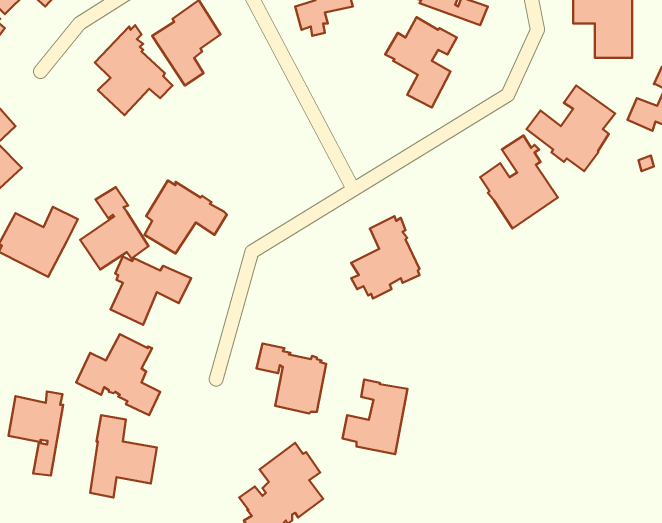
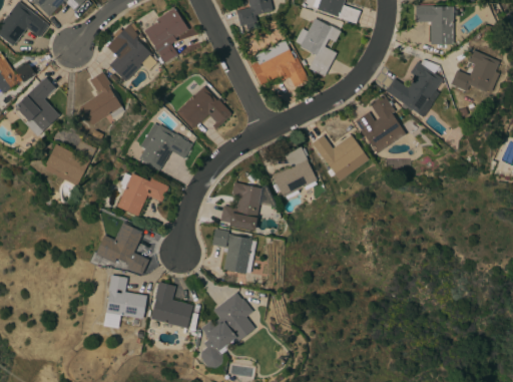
building: none -> [250,46,309,87]
building: none -> [176,86,231,129]
building: [80,187,148,269] -> [80,72,124,125]
building: none -> [311,134,369,180]
building: [342,380,408,454] -> [220,182,263,231]
building: [8,391,63,475] -> none
building: none -> [150,282,193,330]

